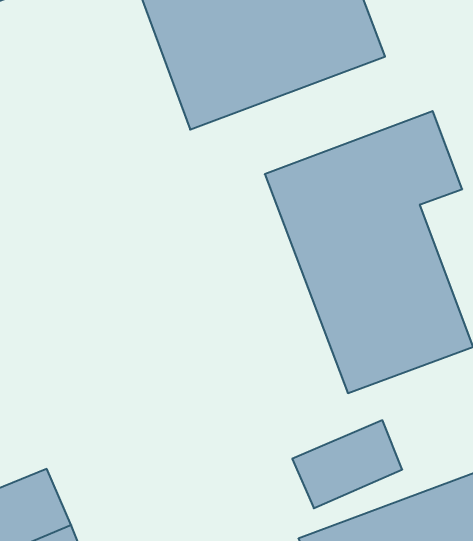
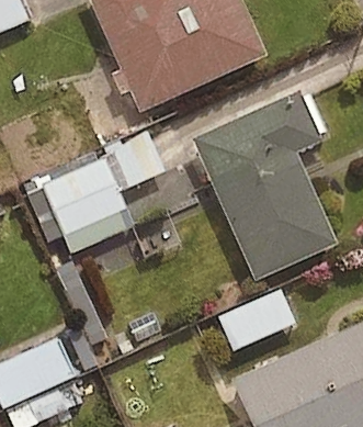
building: none -> [27,134,162,257]

